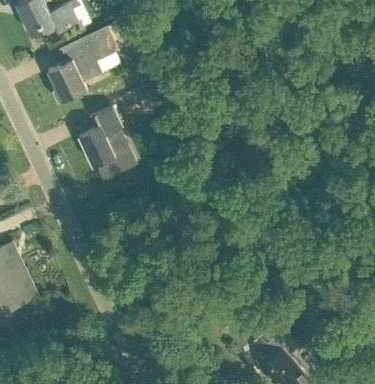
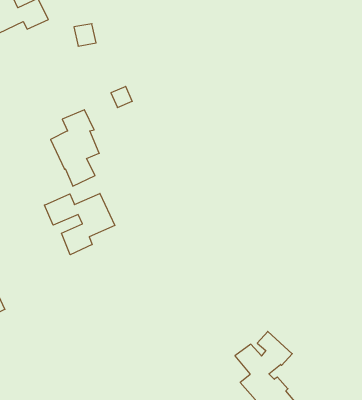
building: [48,42,97,100] -> none
building: none -> [44,193,115,255]

